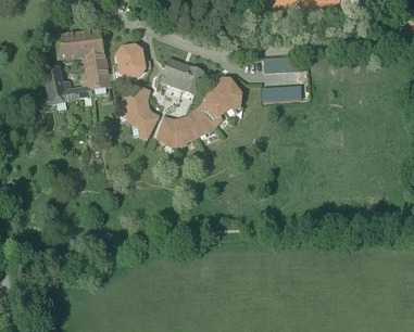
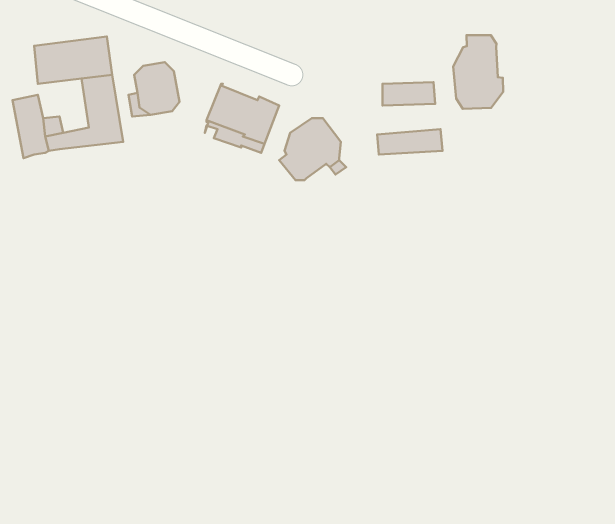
building: none -> [453,35,503,109]
building: [125,87,159,137] -> none
building: [156,103,222,144] -> none

